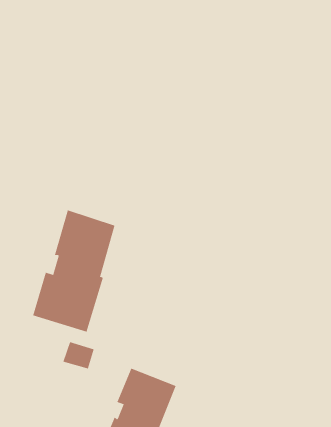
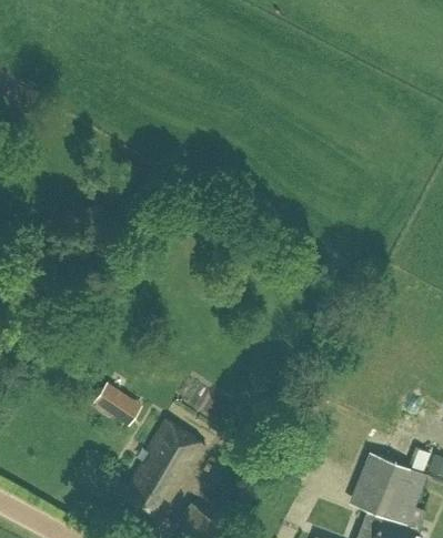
building: [32,210,115,333] -> none

